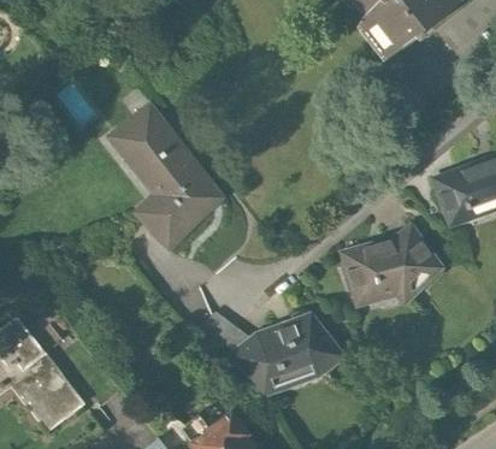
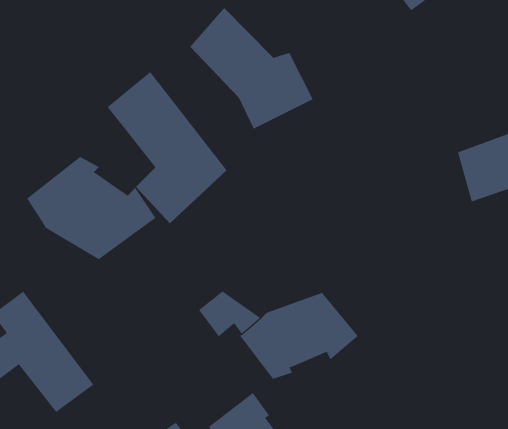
building: none -> [189,7,313,129]
building: none -> [25,156,156,260]
building: [335,228,437,311] -> none

